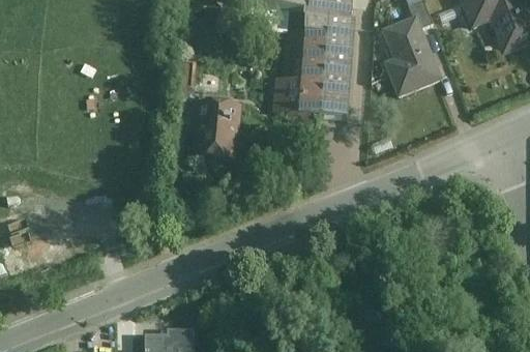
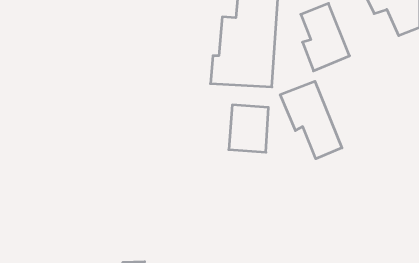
building: [192,100,240,158] -> [229,105,268,152]
building: none -> [280,81,342,159]

